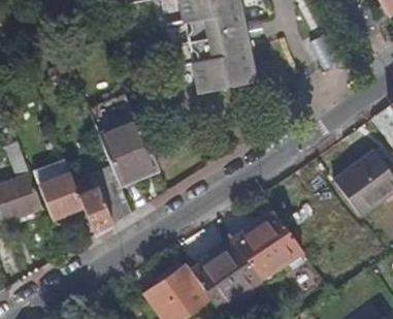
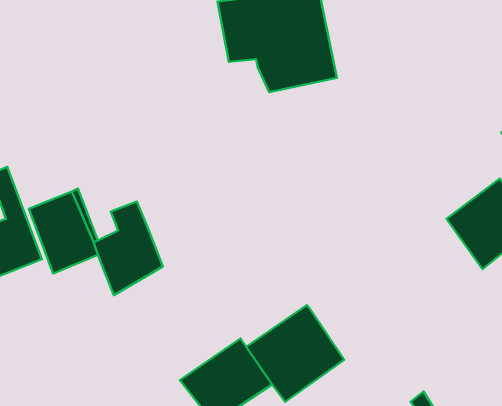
building: [94,105,159,186] -> none
building: [236,210,302,280] -> none

